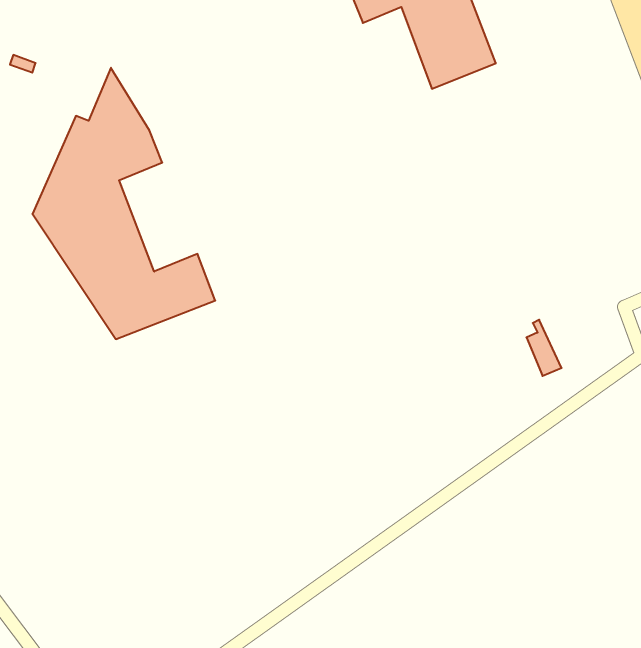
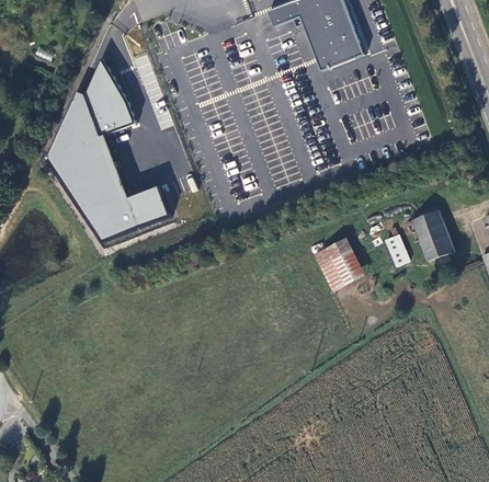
building: none -> [410,206,453,261]
building: none -> [317,251,364,290]

